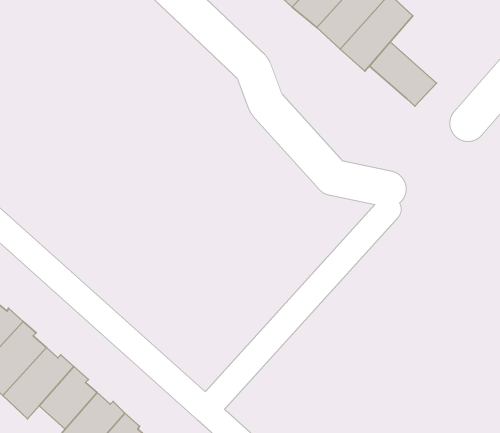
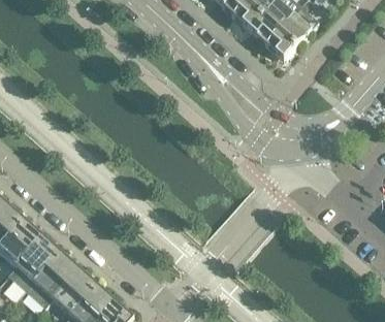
building: [370,42,437,106] -> none

